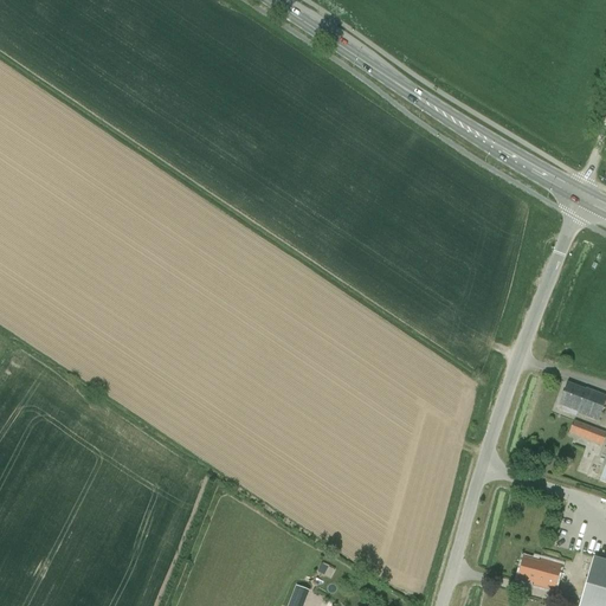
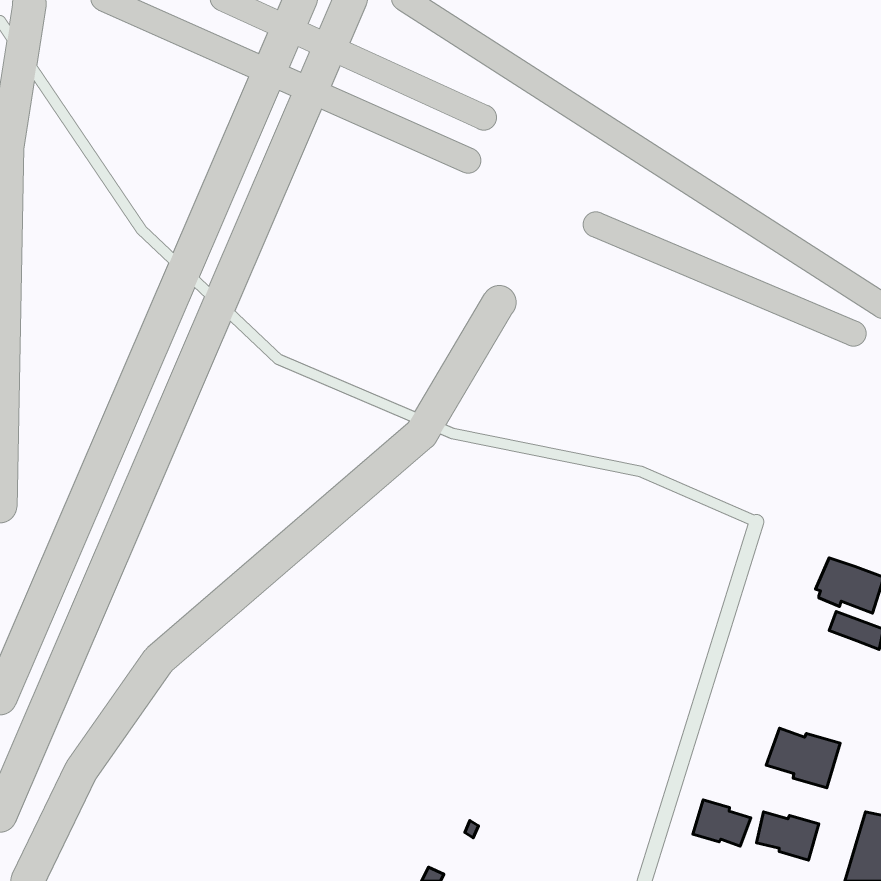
building: none -> [766,728,840,788]
building: none -> [693,800,751,846]

